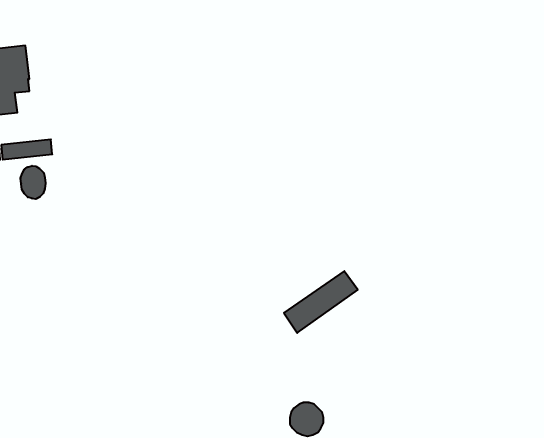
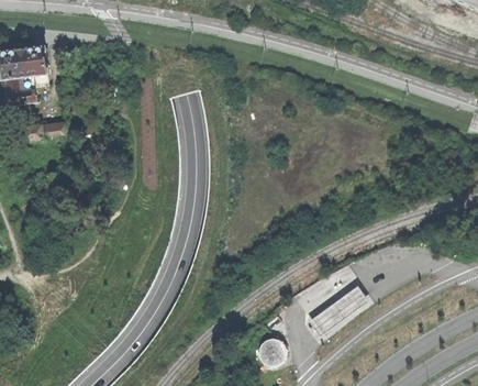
building: [21,166,46,199] -> none
building: [284,271,358,333] -> [313,284,374,334]

